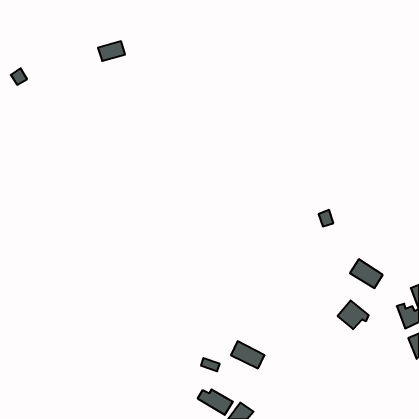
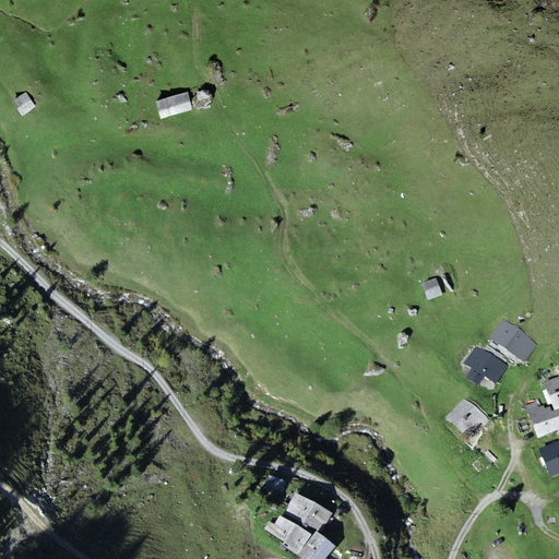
building: [98,41,125,61] -> [157,90,193,116]
building: none -> [491,322,536,360]
building: [231,341,265,368] -> [288,495,333,531]

